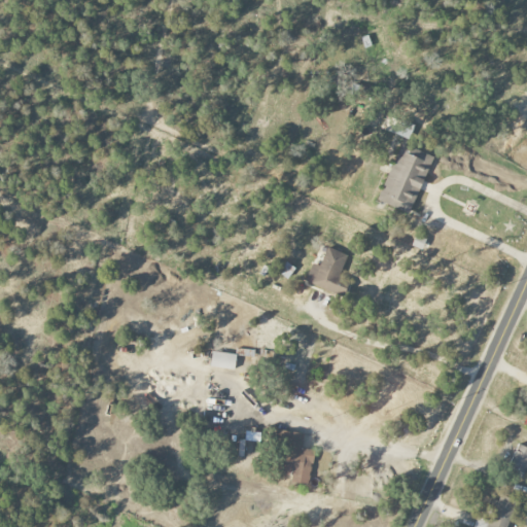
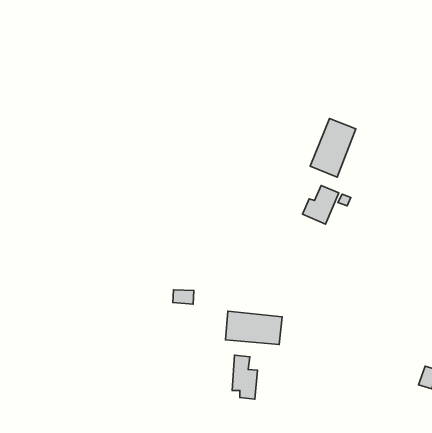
building: [306,247,350,294] -> [302,185,339,224]
building: none -> [225,311,282,344]

